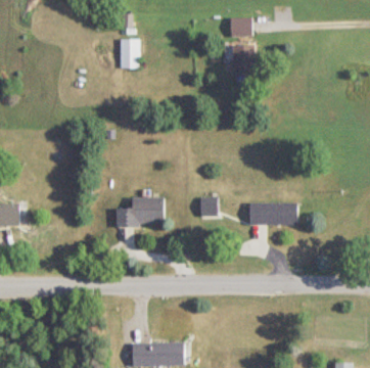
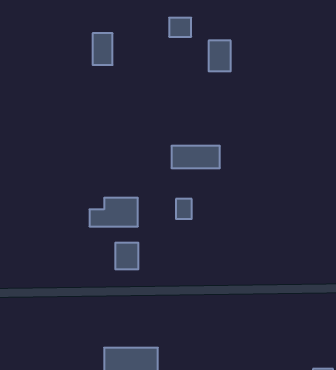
building: [230,17,251,36] -> [169,18,191,37]
building: [248,202,295,224] -> [171,146,220,168]
building: none -> [115,243,138,269]

